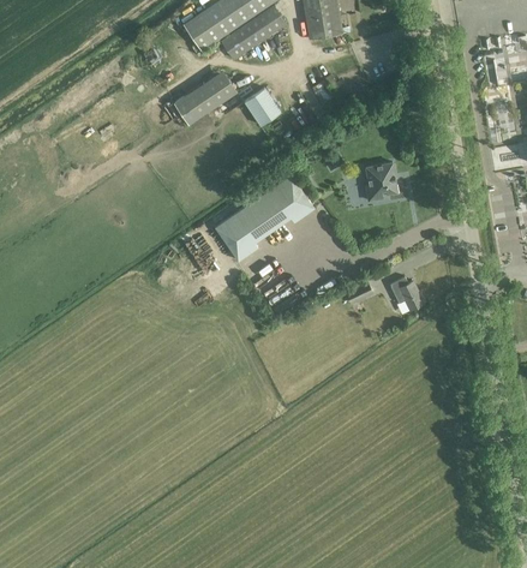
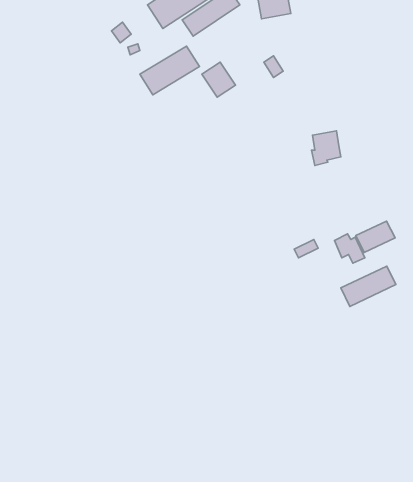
building: [214,174,313,259] -> none
building: none -> [356,221,395,253]
building: none -> [341,266,396,306]

